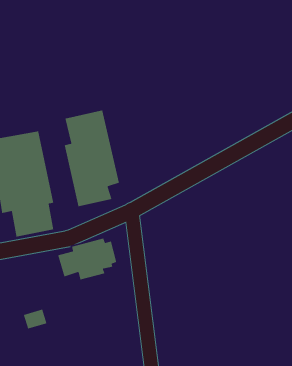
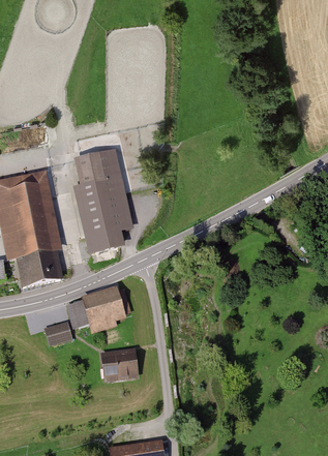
building: none -> [102,351,138,381]
building: [23,309,48,330] -> [46,323,72,345]

